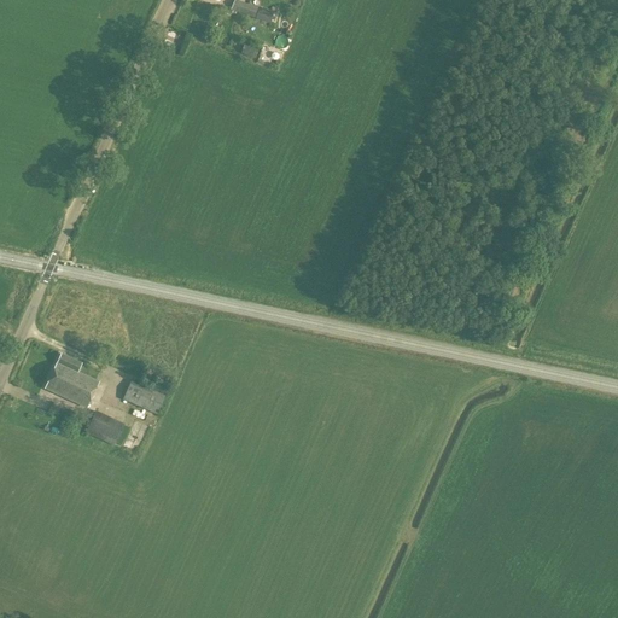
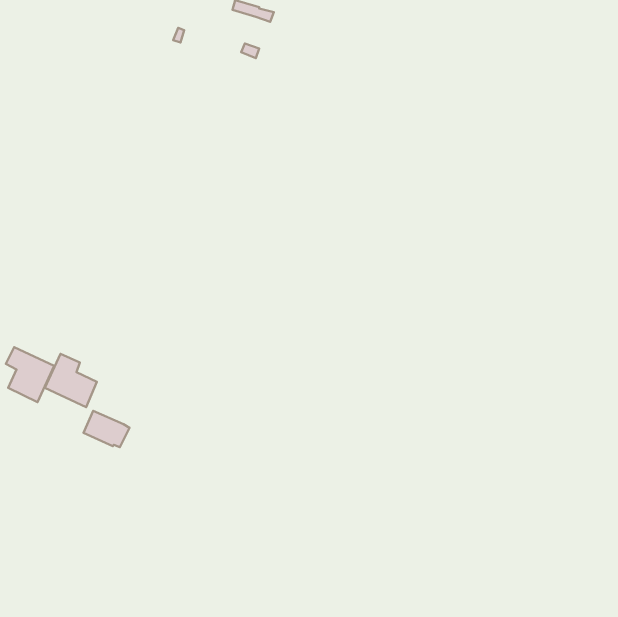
building: none -> [6,347,54,402]
building: [121,378,163,413] -> none

